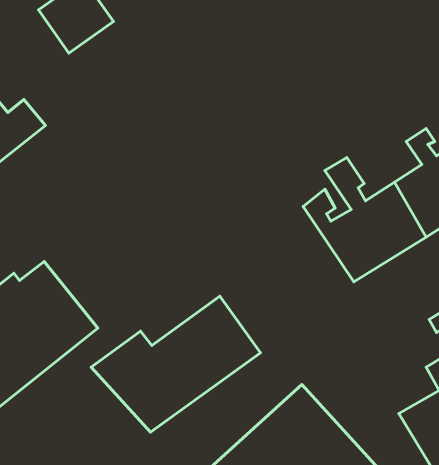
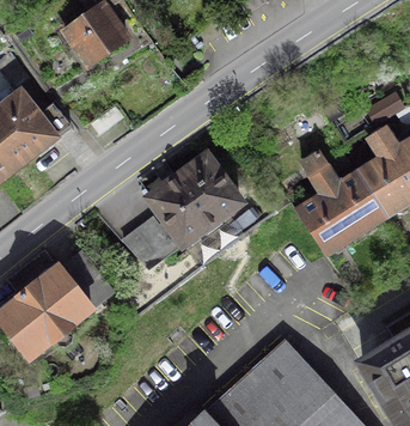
building: [91,296,261,432] -> [100,157,240,269]

